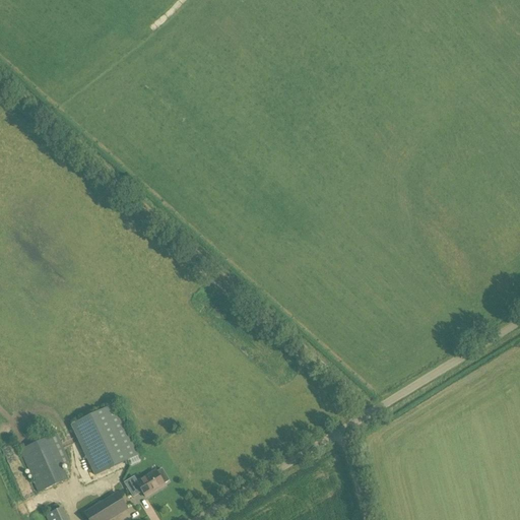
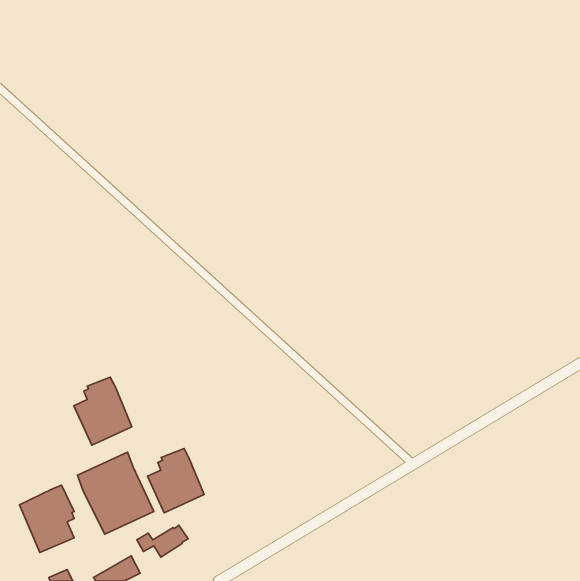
building: none -> [74,377,132,445]
building: none -> [147,448,204,513]

